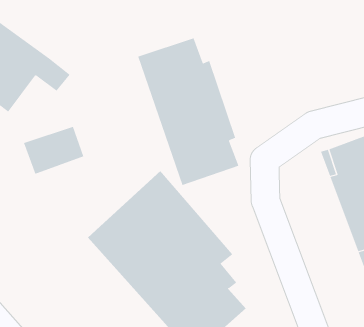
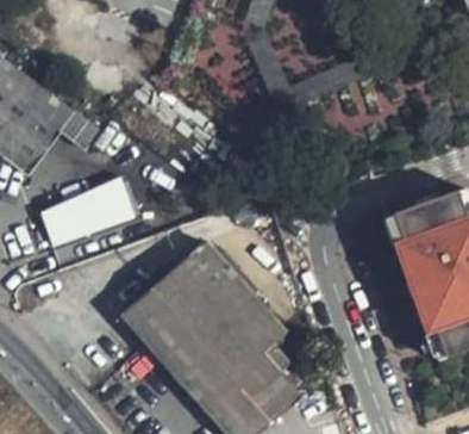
building: [138,37,239,186] -> none
building: none -> [104,175,143,222]

